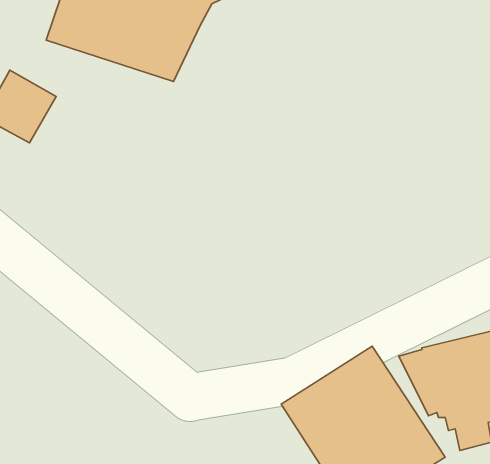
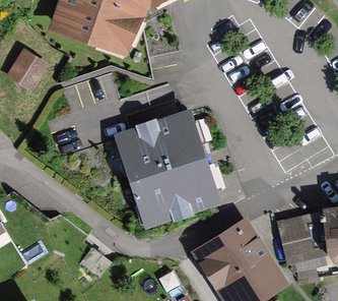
building: none -> [126,117,219,223]

